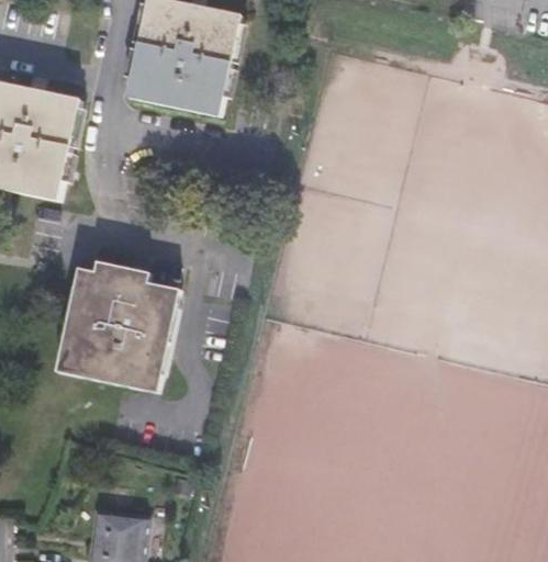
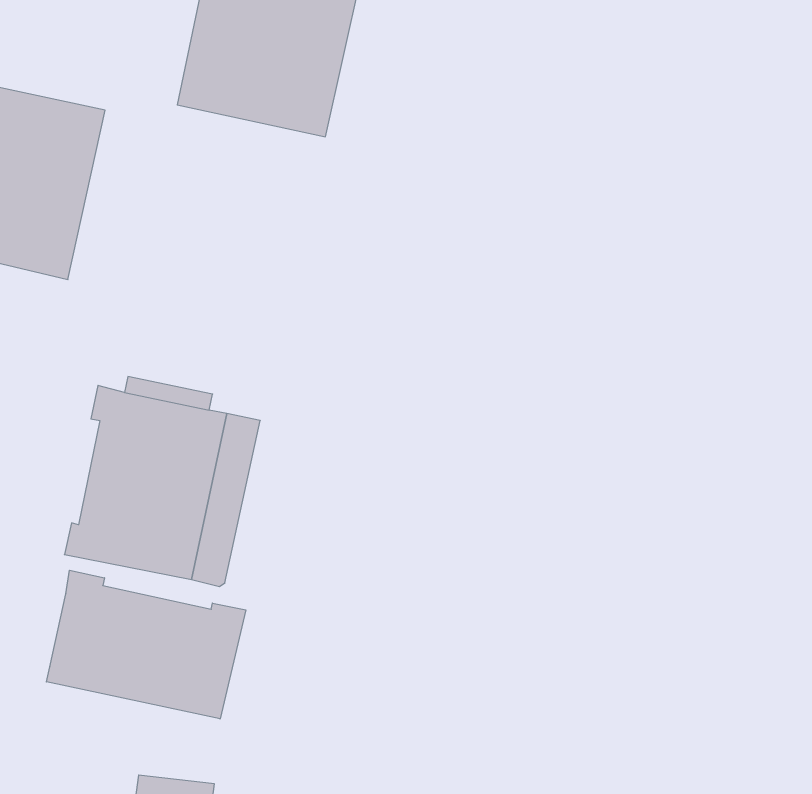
building: none -> [46,570,246,719]

